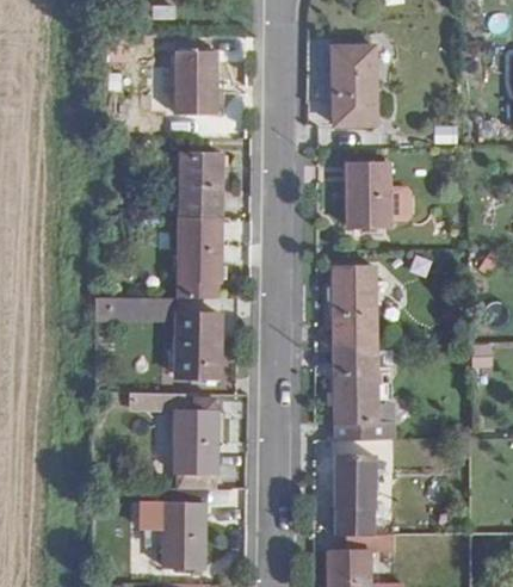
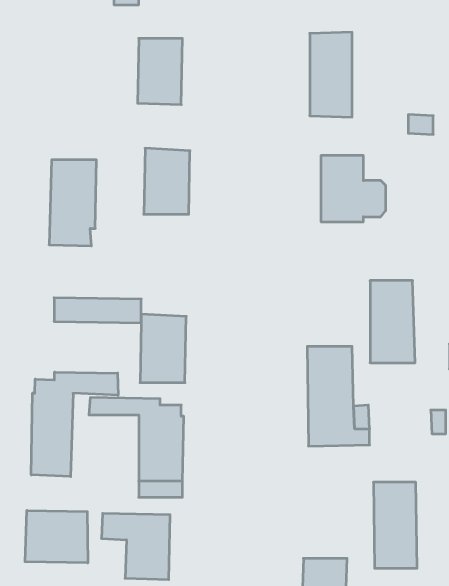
building: [175,218,221,301] -> [49,160,96,246]
building: [334,266,377,345] -> [370,281,415,363]
building: none -> [31,372,118,477]
building: [334,453,376,536] -> [373,482,417,568]
building: none -> [25,510,88,563]

